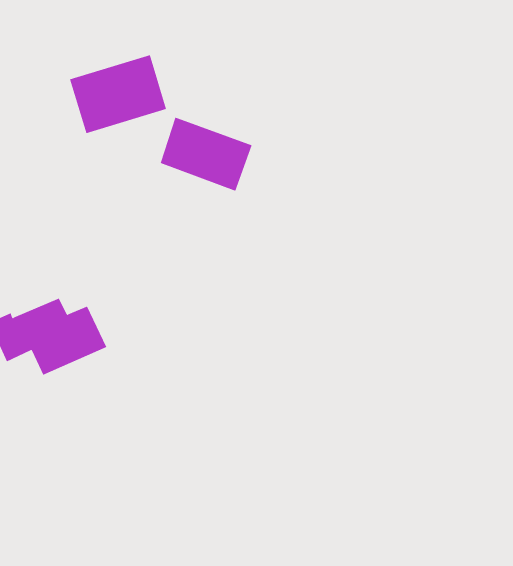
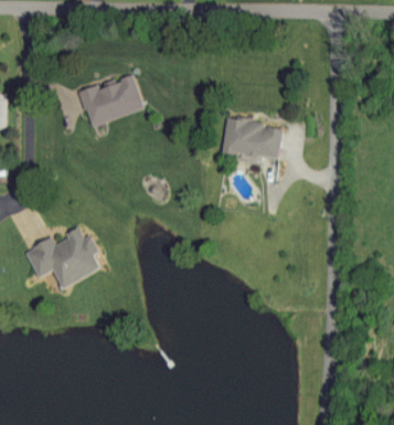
building: [160,117,252,191] -> [220,114,281,163]

